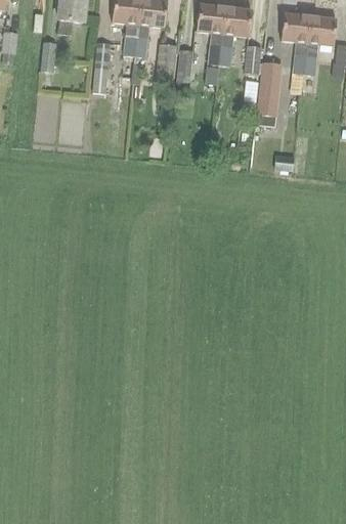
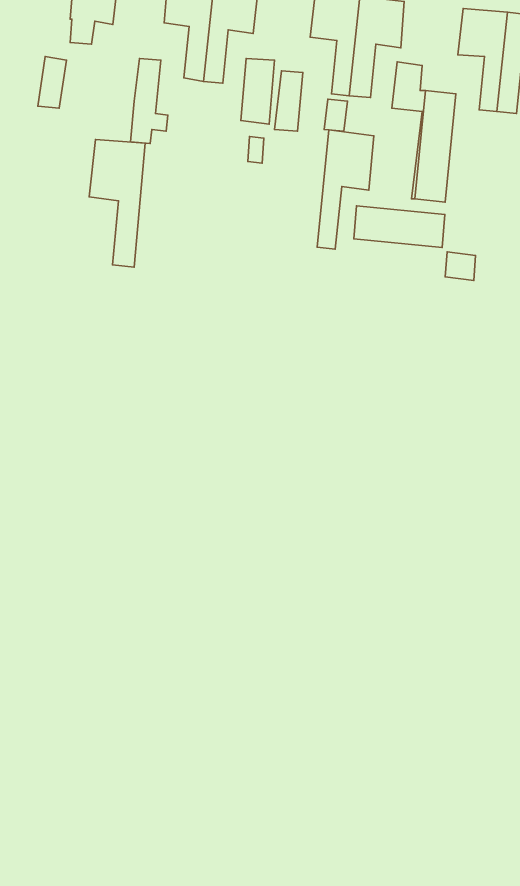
building: none -> [317,130,374,249]
building: none -> [89,140,145,267]
building: none -> [354,206,445,248]

